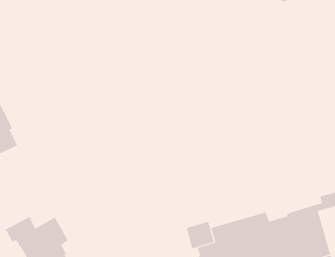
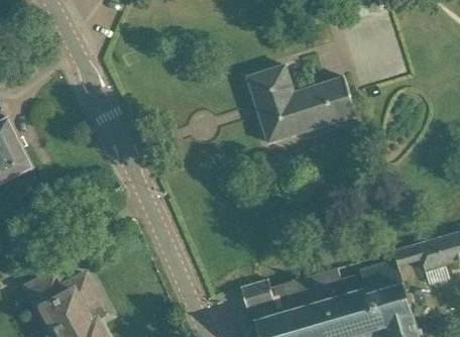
building: none -> [246,65,355,143]

